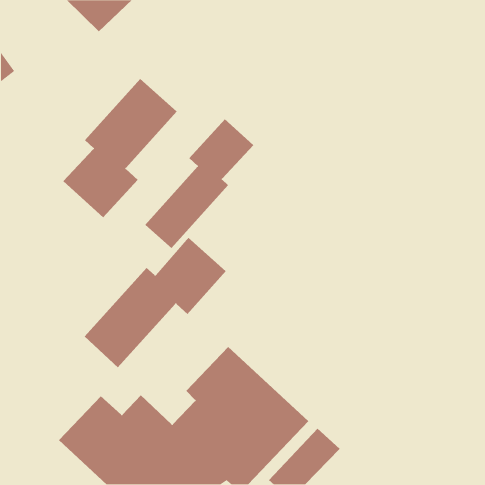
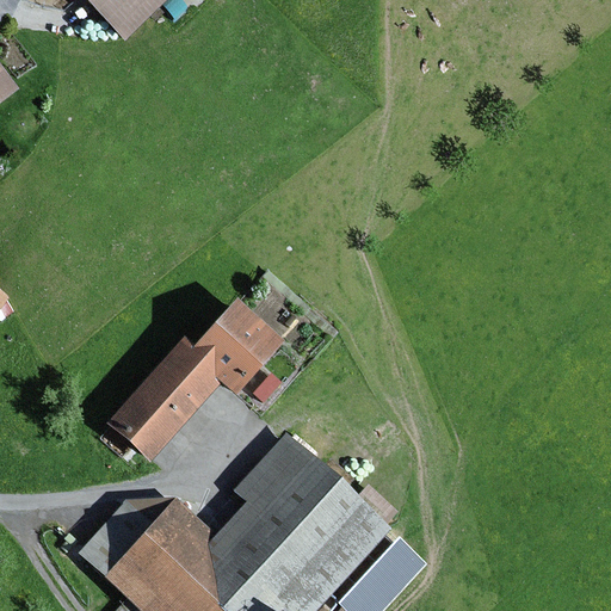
building: [62,78,177,218] -> none
building: [144,118,254,249] -> none

